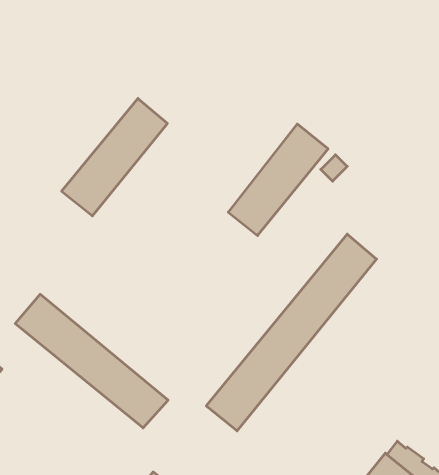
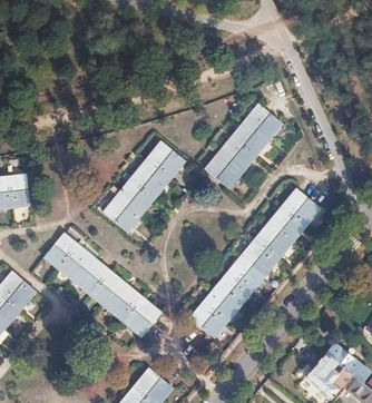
building: [62,98,167,216] -> [104,142,184,232]

